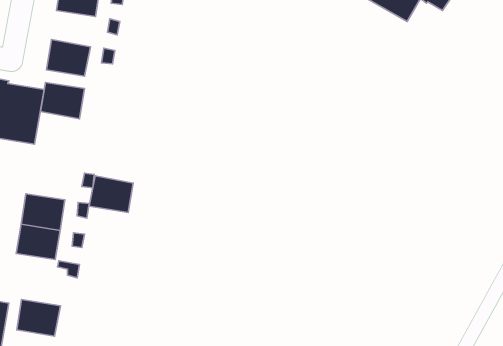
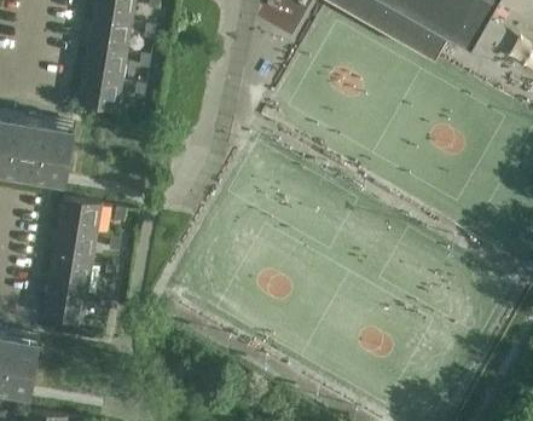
building: [41,82,84,119] -> [82,47,126,83]
building: [89,176,133,212] -> [57,200,100,236]
building: [17,300,61,336] -> [42,289,86,325]

